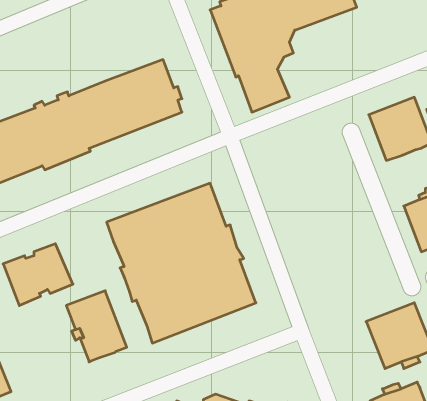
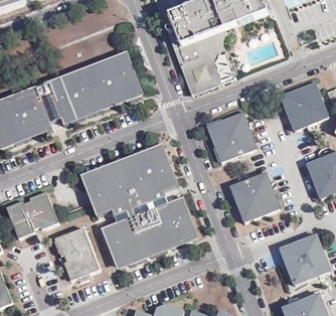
building: none -> [206,111,257,161]
building: none -> [229,170,280,221]

